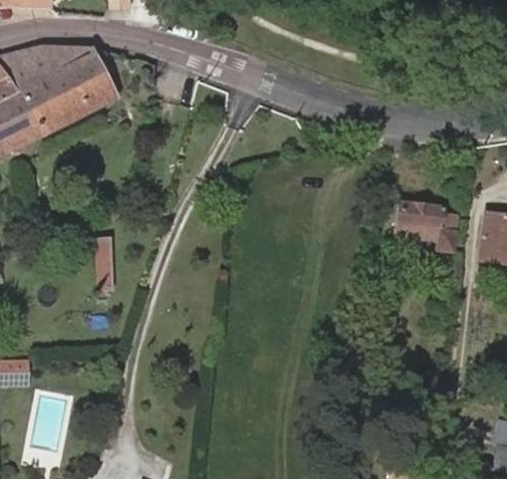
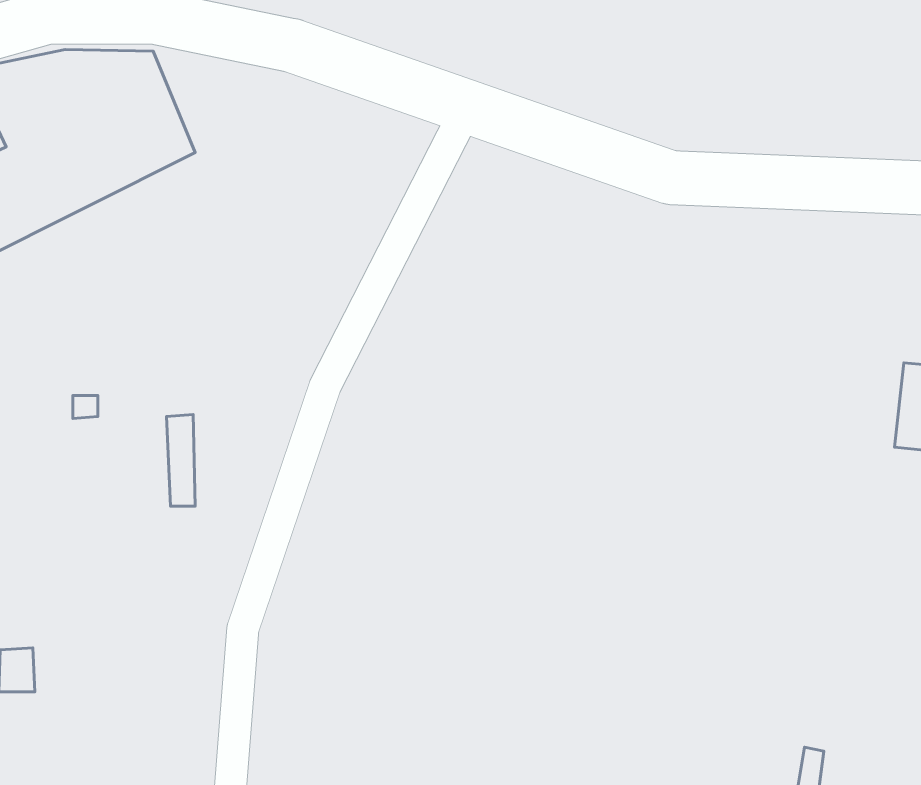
building: [395,203,458,253] -> none

